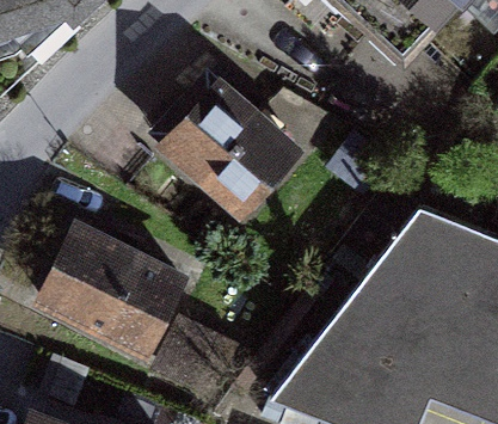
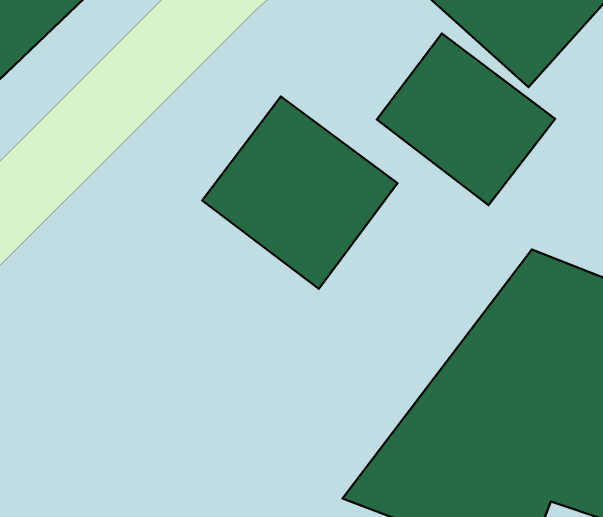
building: none -> [377,33,555,205]
building: [30,221,191,358] -> none

